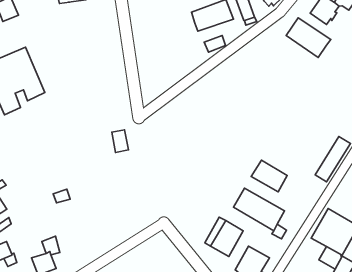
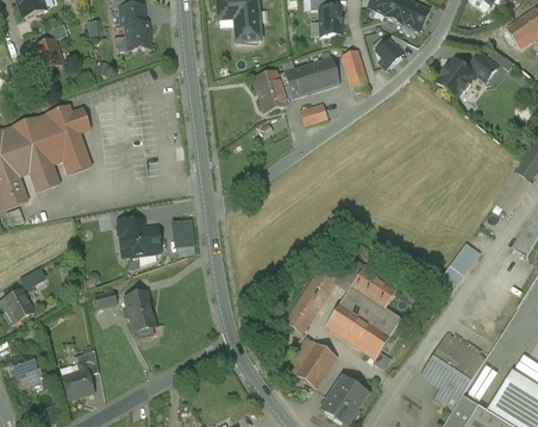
building: none -> [254,70,288,112]
building: [286,18,331,57] -> none
building: none -> [117,218,159,256]
building: none -> [284,266,338,333]
building: none -> [340,287,400,333]
building: none -> [125,291,155,337]

